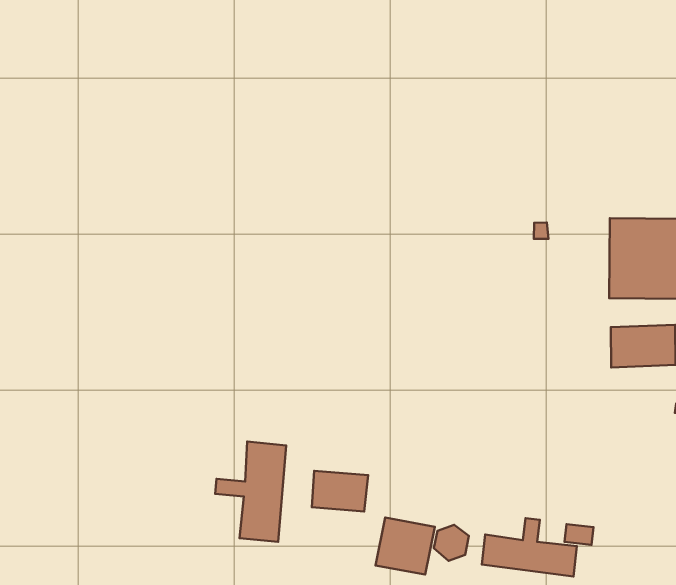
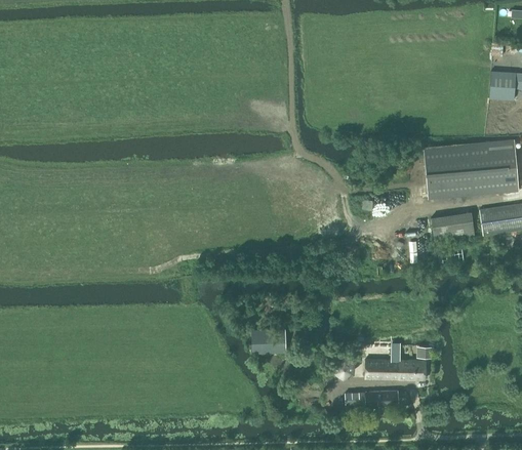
building: [215,442,286,542] -> none
building: [375,518,435,575] -> none

